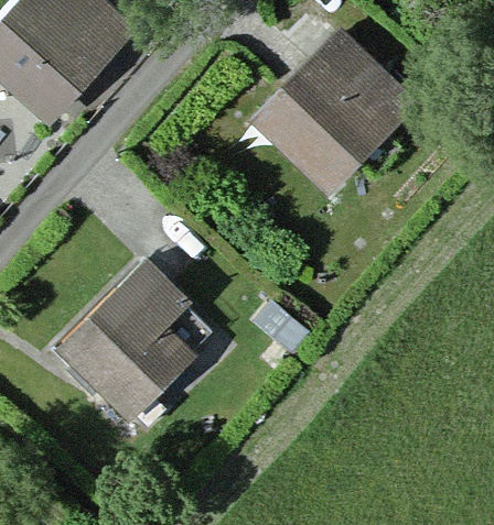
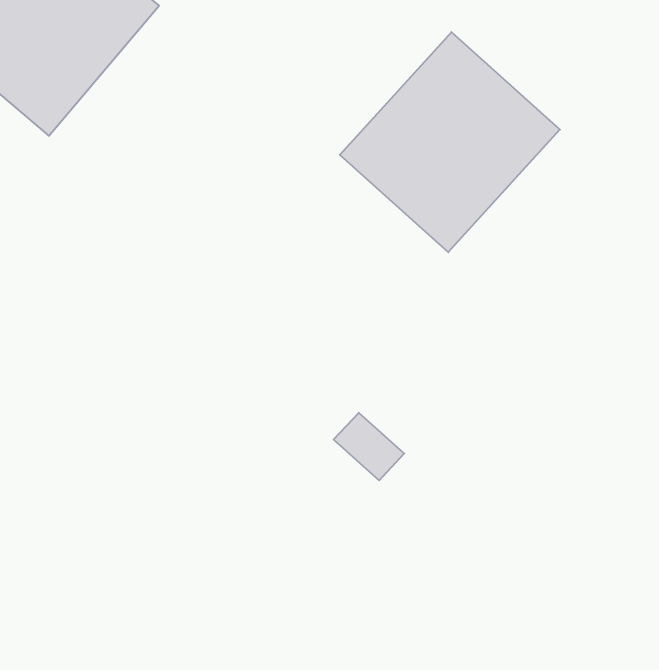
building: [58,266,210,416] -> none

